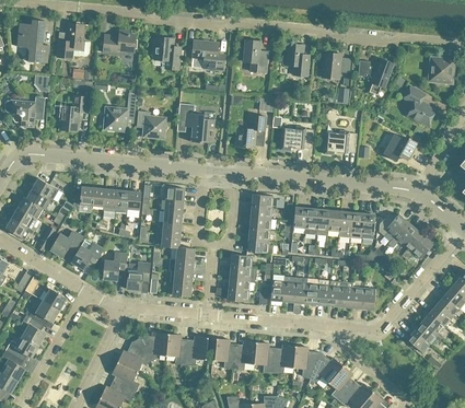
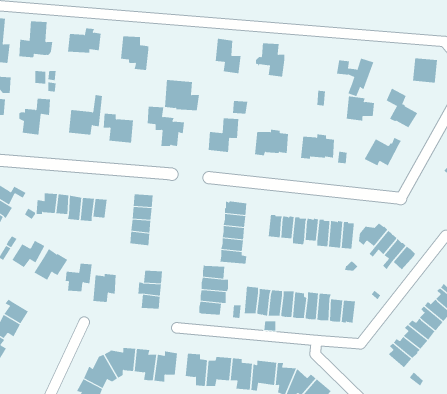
building: [191,40,225,70] -> [164,80,200,111]
building: [323,53,350,77] -> [346,96,375,121]
building: [161,234,195,260] -> none

